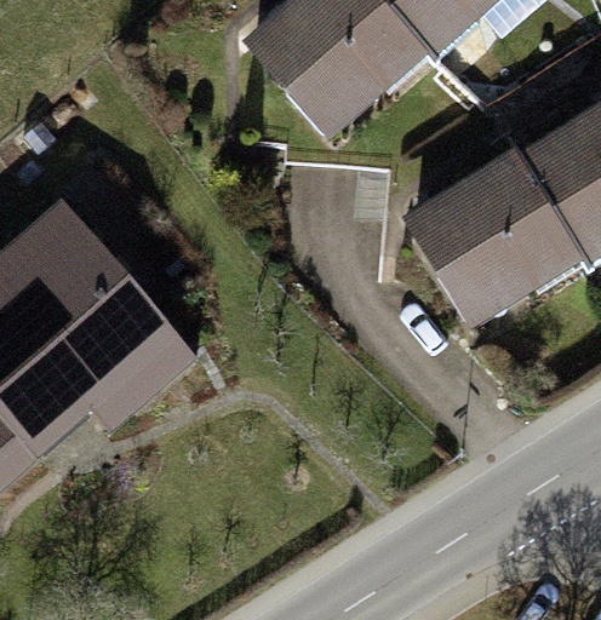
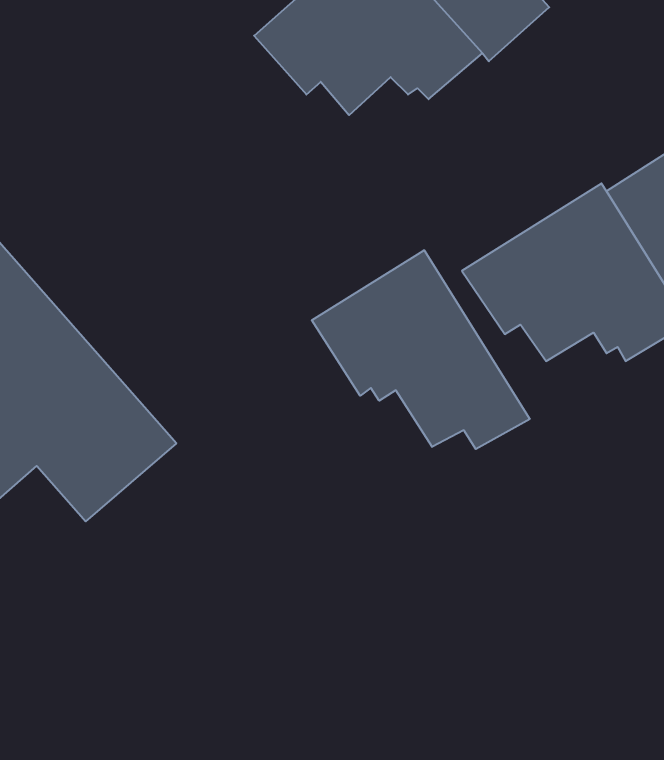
building: none -> [312,250,530,449]

